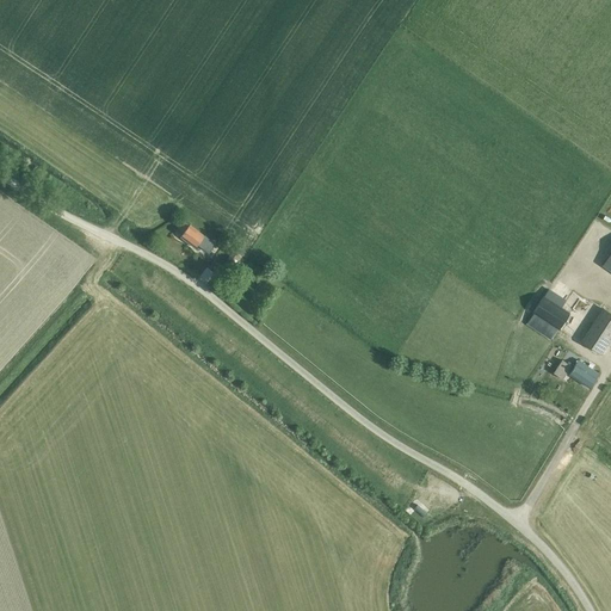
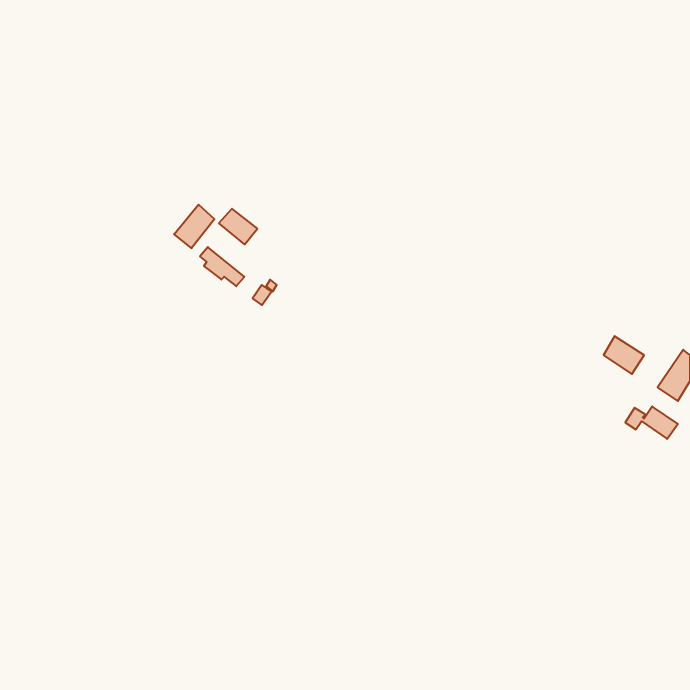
building: none -> [174,205,214,248]
building: none -> [219,209,257,244]

